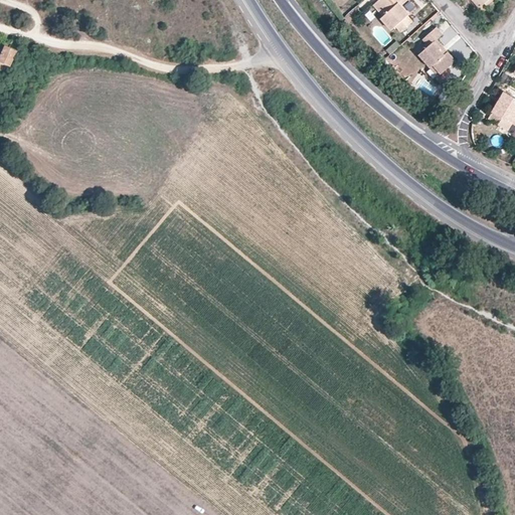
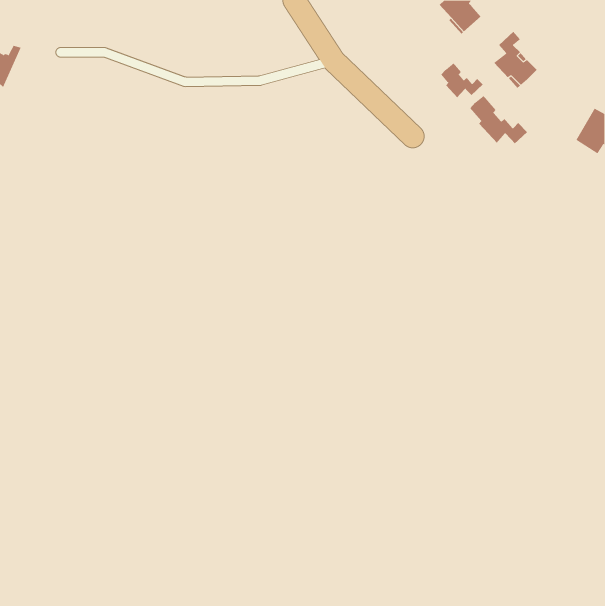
building: none -> [440,63,483,98]
building: none -> [469,95,528,144]

